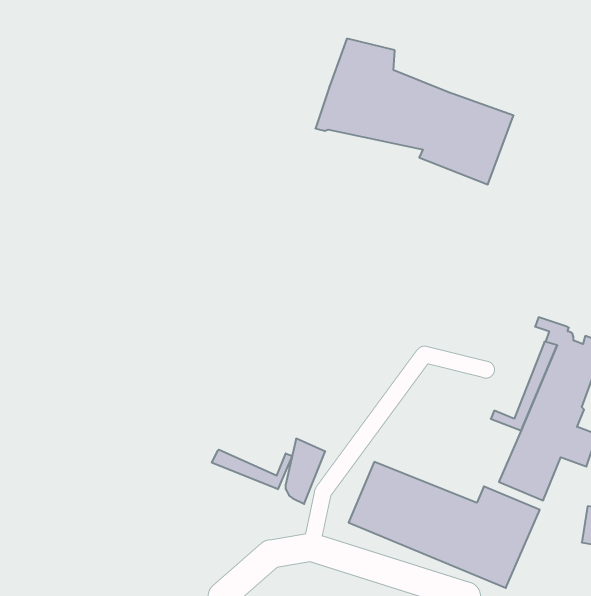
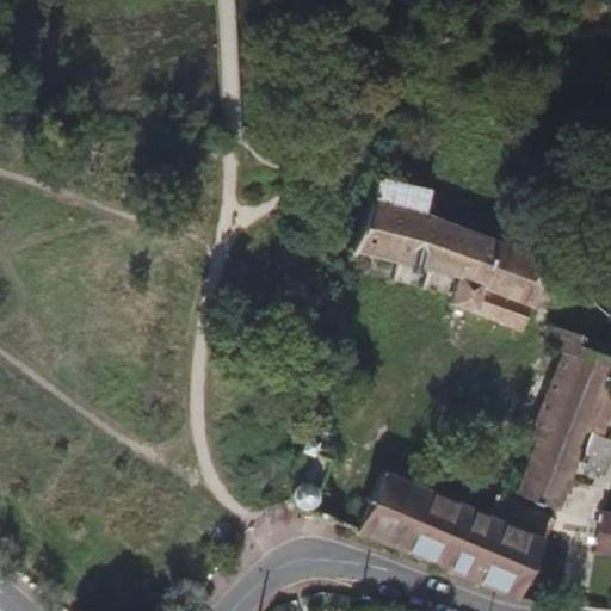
building: [315,39,514,184] -> [347,180,550,329]
building: [212,450,292,489] -> none

